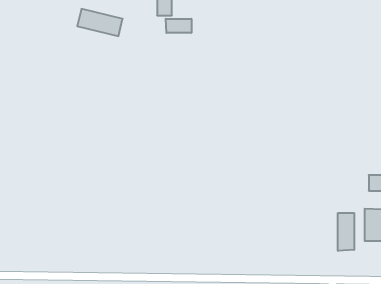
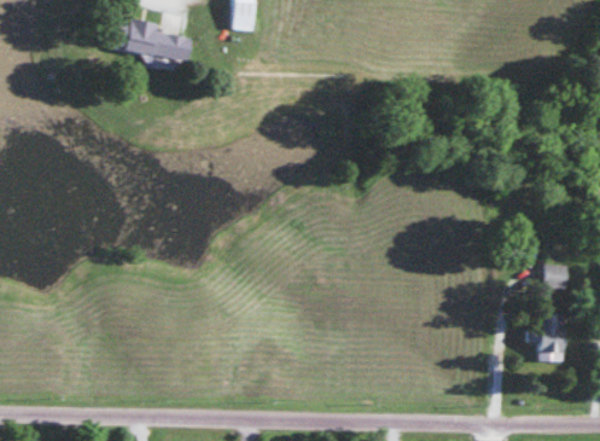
building: [166,19,191,33] -> none
building: [338,213,354,251] -> none

